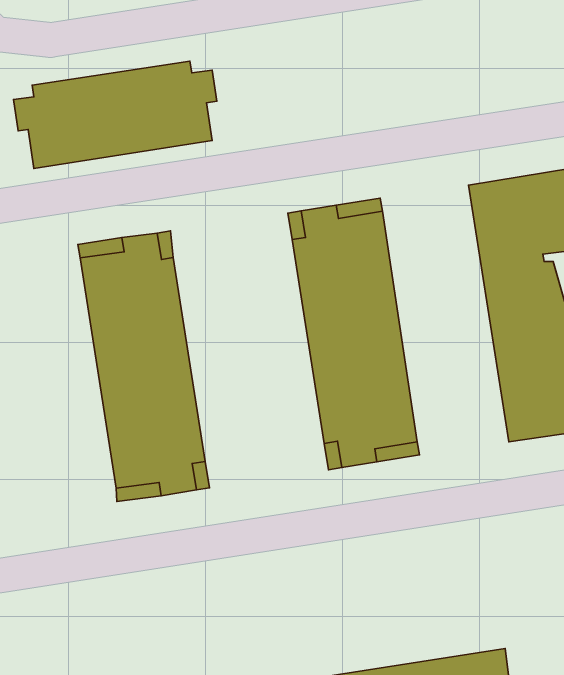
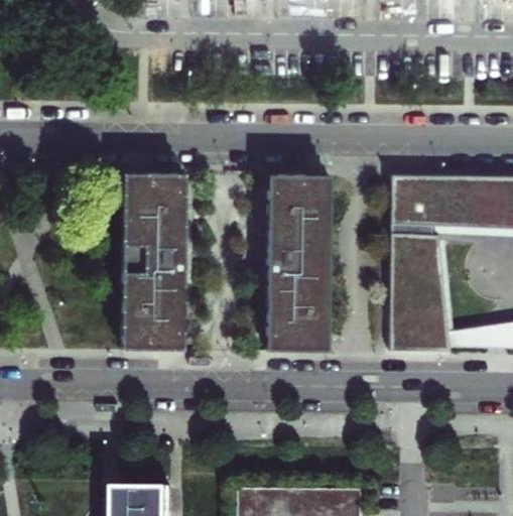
building: [13,61,217,169] -> none

